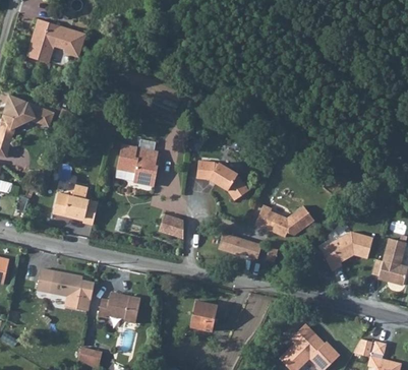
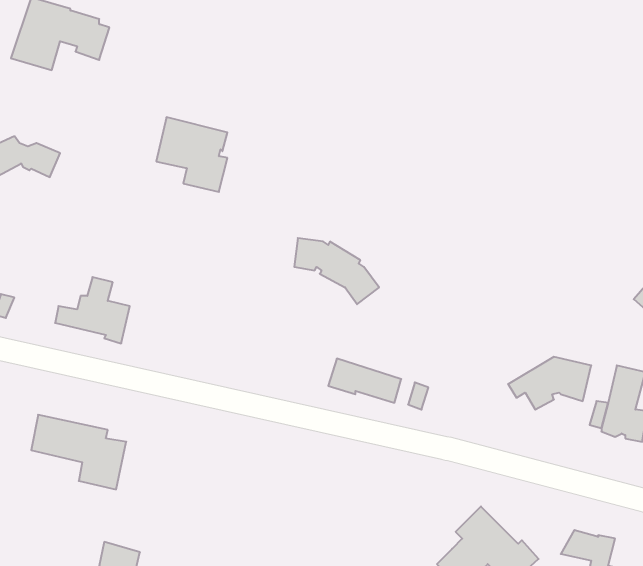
building: [116,144,159,189] -> [156,117,227,192]
building: [253,205,312,237] -> none
building: [157,215,182,241] -> none
building: [98,295,140,324] -> none
building: [191,301,217,332] -> none

